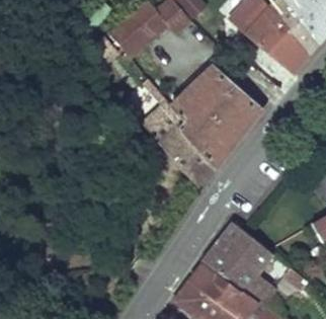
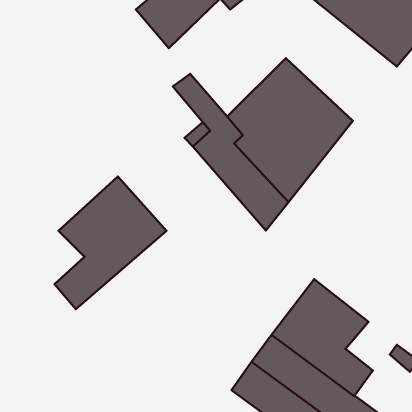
building: none -> [55,177,167,309]

